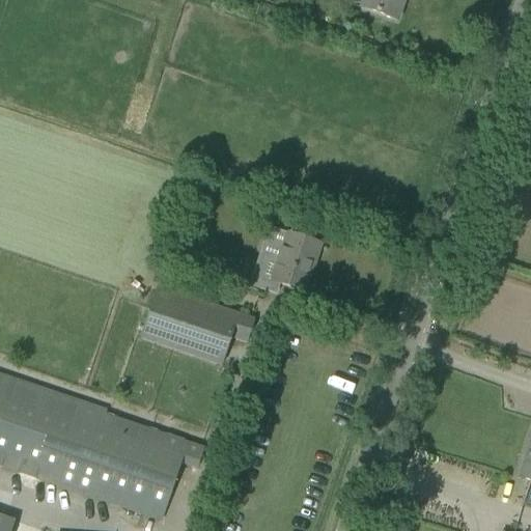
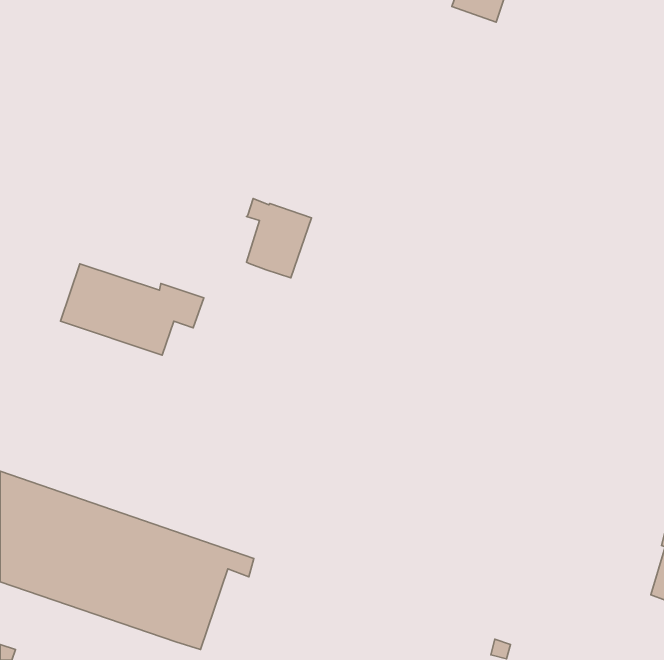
building: [269,226,320,289] -> [247,198,312,278]
building: [140,289,254,362] -> [60,264,204,355]

